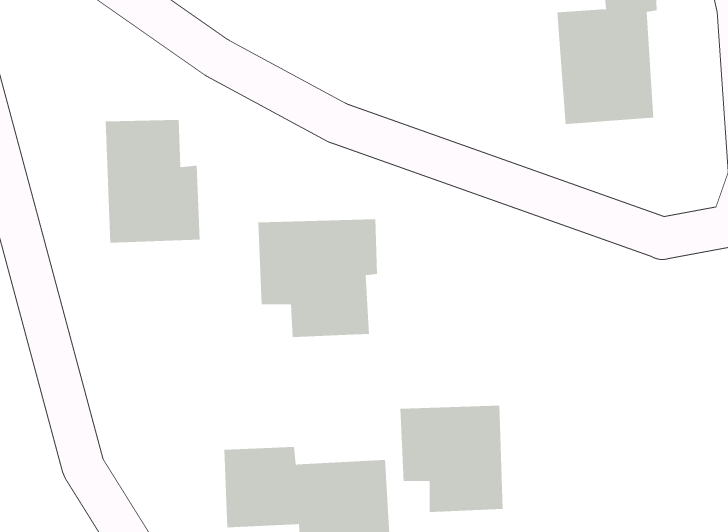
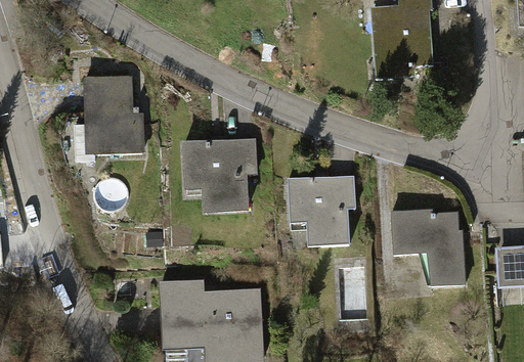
building: none -> [391,210,466,285]
building: [399,405,504,513] -> [289,177,354,244]

